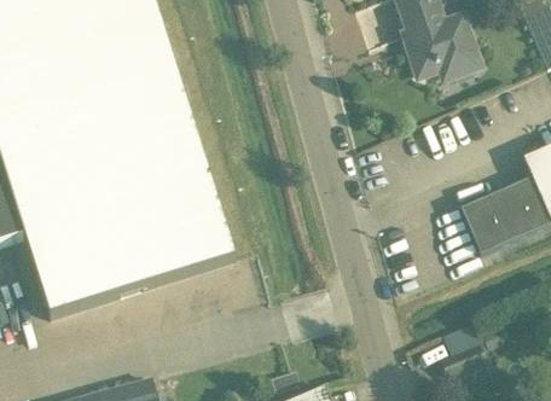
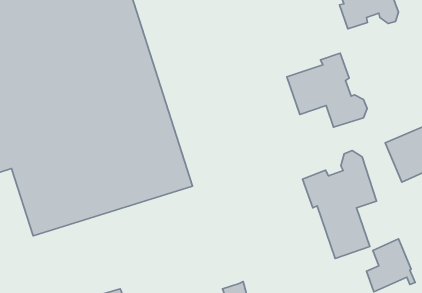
building: none -> [287,53,367,127]
building: none -> [303,150,377,258]

